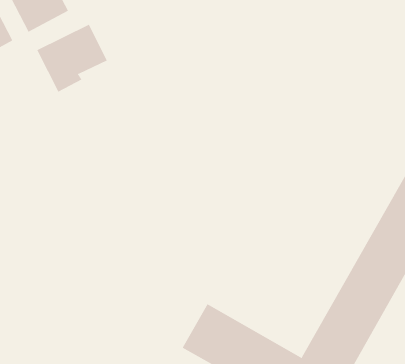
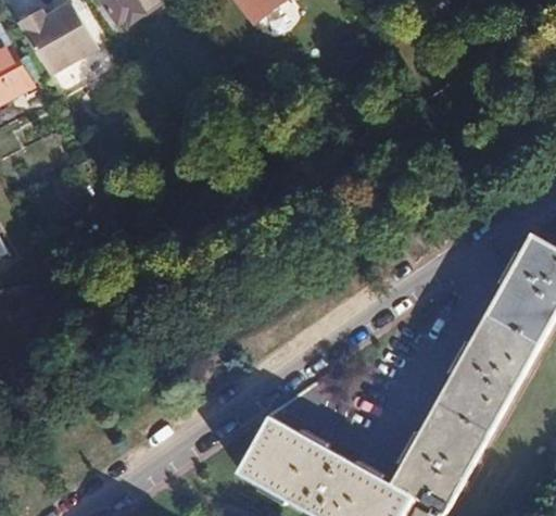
building: [36,24,107,92] -> none

